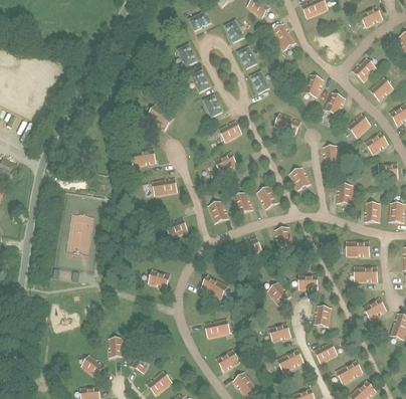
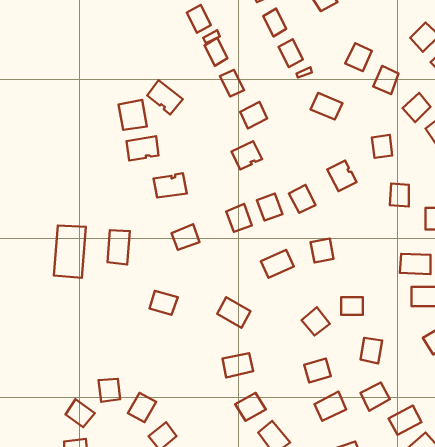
building: none -> [119,100,147,130]
building: none -> [107,230,130,264]

